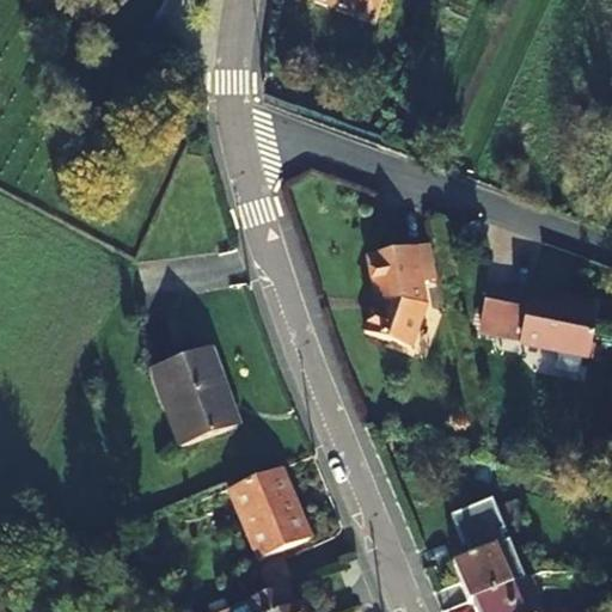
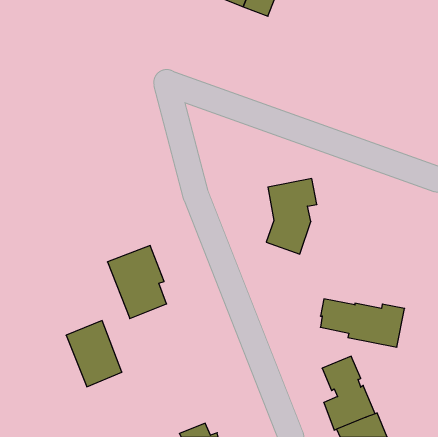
building: [479,293,596,360] -> [320,299,405,347]
building: [232,465,310,557] -> [66,321,122,387]

